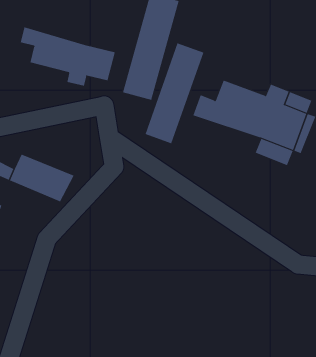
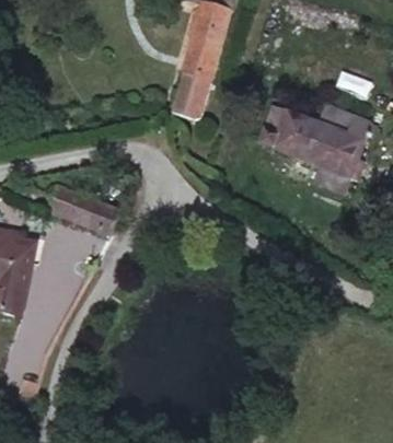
building: [20,26,115,86] -> none
building: [145,42,204,144] -> none

